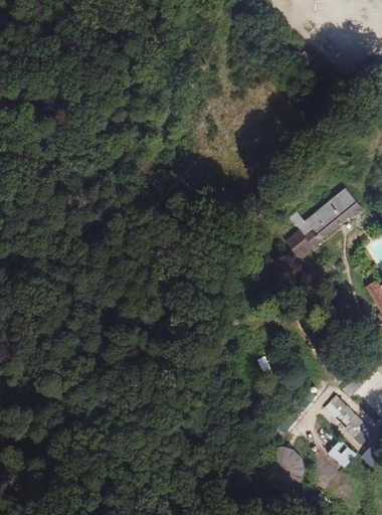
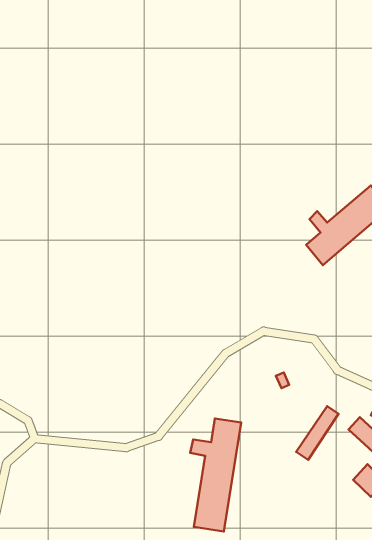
building: none -> [190,418,241,532]
building: [263,446,306,489] -> none

